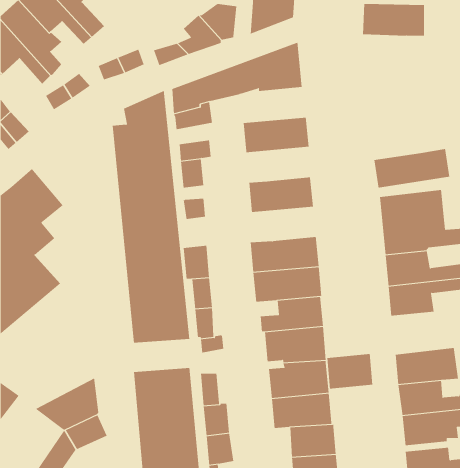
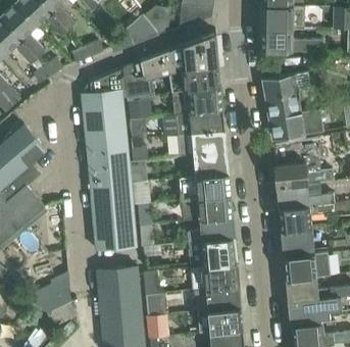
building: none -> [260,29,322,52]
building: none -> [172,66,220,92]
building: none -> [261,72,311,118]
building: none -> [177,109,223,135]
building: none -> [194,152,228,177]
building: [326,353,373,389] -> [281,228,314,253]

